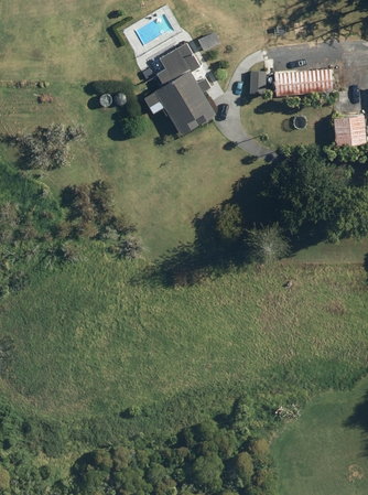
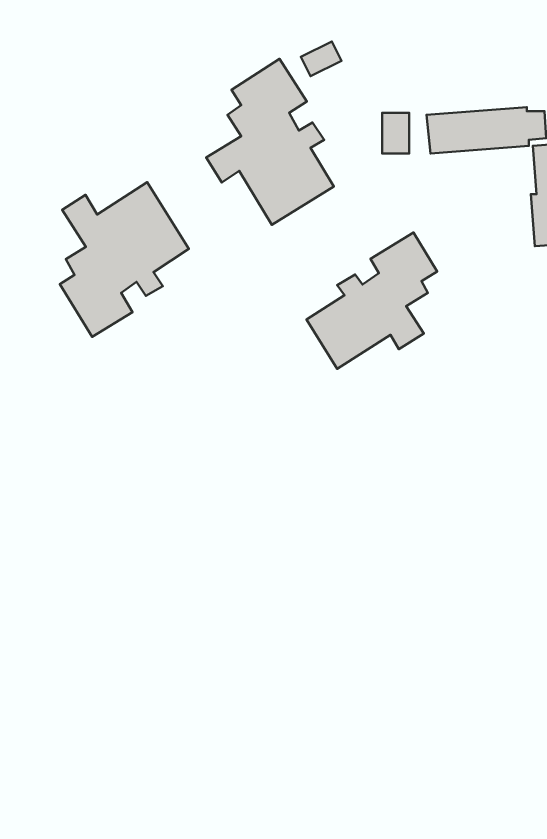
building: none -> [60,182,189,337]
building: none -> [306,232,437,369]

